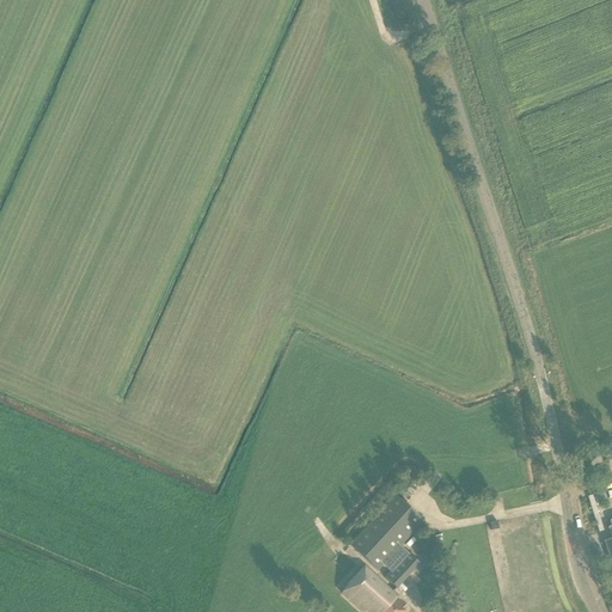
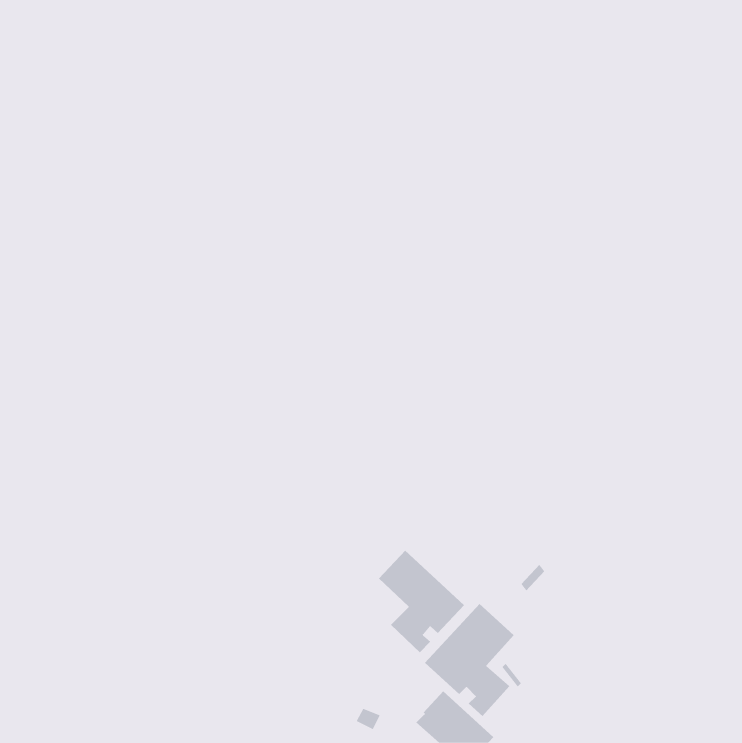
building: none -> [378,550,465,653]

